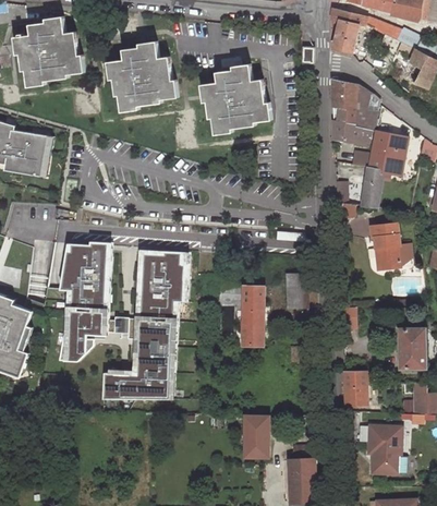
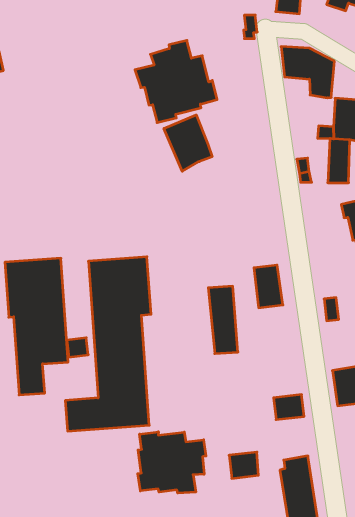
building: [106,41,177,111] -> none
building: [331,107,367,145] -> none
building: none -> [164,115,212,171]
building: none -> [138,432,206,493]
building: [243,417,268,436] -> [274,395,304,420]

